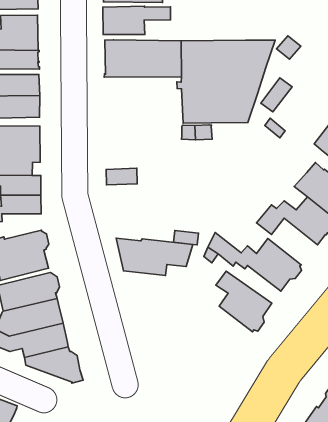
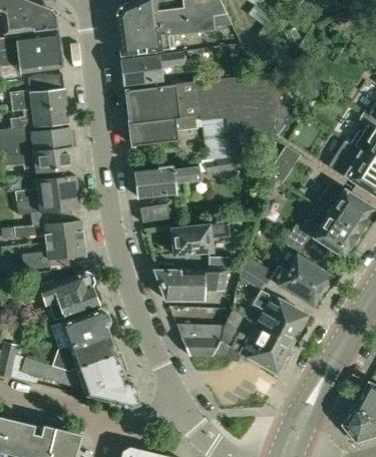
building: none -> [128,115,200,144]
building: none -> [134,166,200,196]
building: none -> [168,222,228,255]
building: none -> [175,308,290,369]

